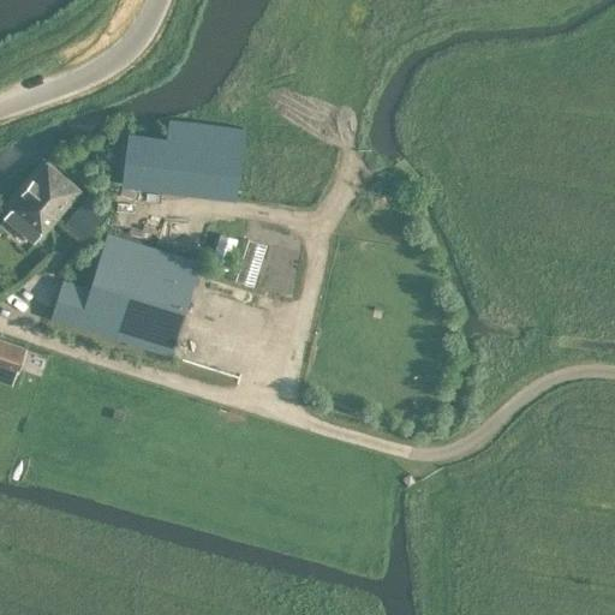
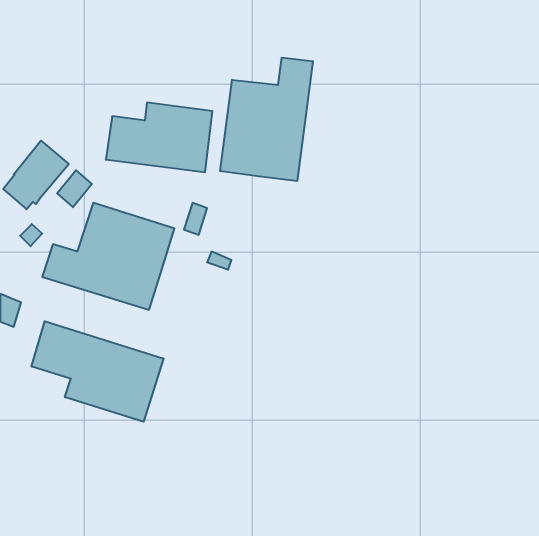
building: none -> [220,58,313,181]
building: none -> [32,321,164,422]

